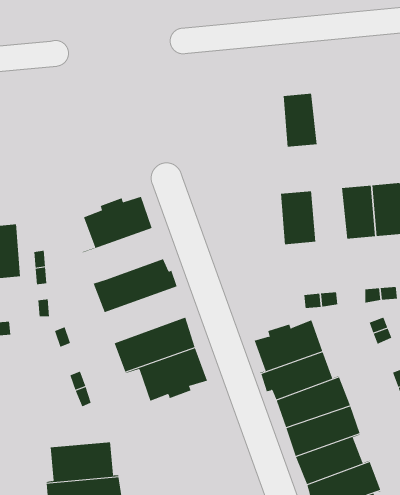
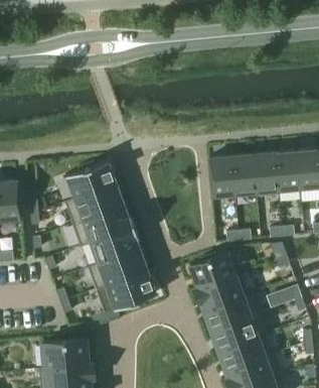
building: [283,93,317,147] -> [230,154,256,193]
building: none -> [63,183,123,224]
building: none -> [79,226,139,267]

